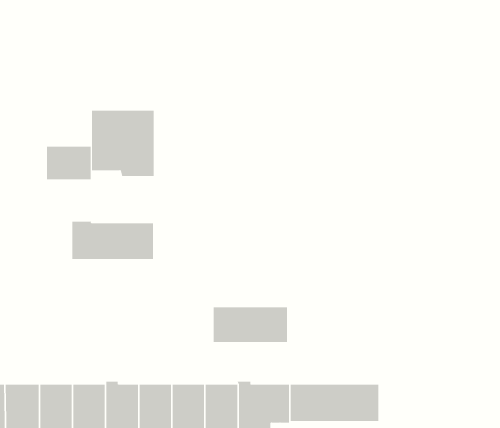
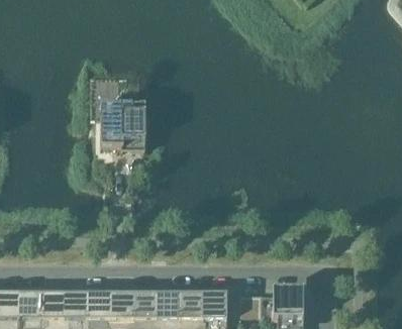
building: [46,146,91,180] -> none
building: [72,221,154,260] -> none
building: [213,306,287,343] -> none

